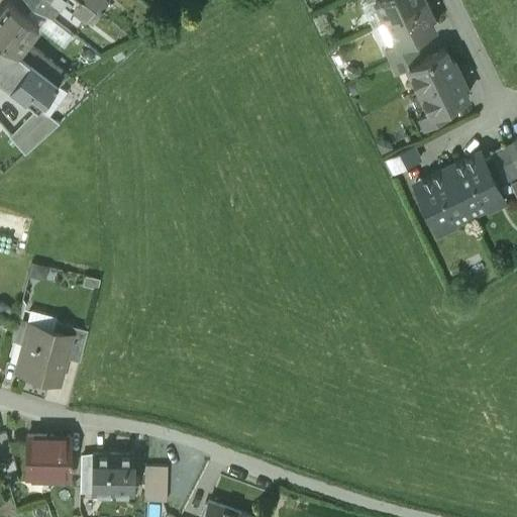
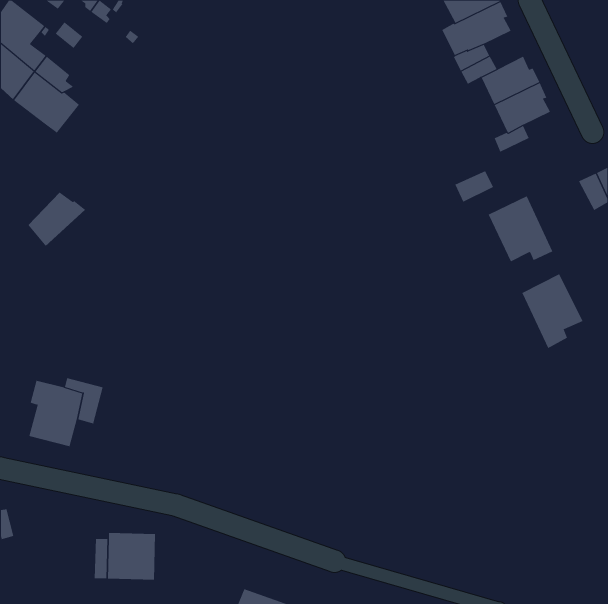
building: [10,109,60,156] -> [28,192,86,247]
building: [447,153,500,217] -> [522,274,583,349]
building: [26,438,70,480] -> none
building: [144,468,168,503] -> none

